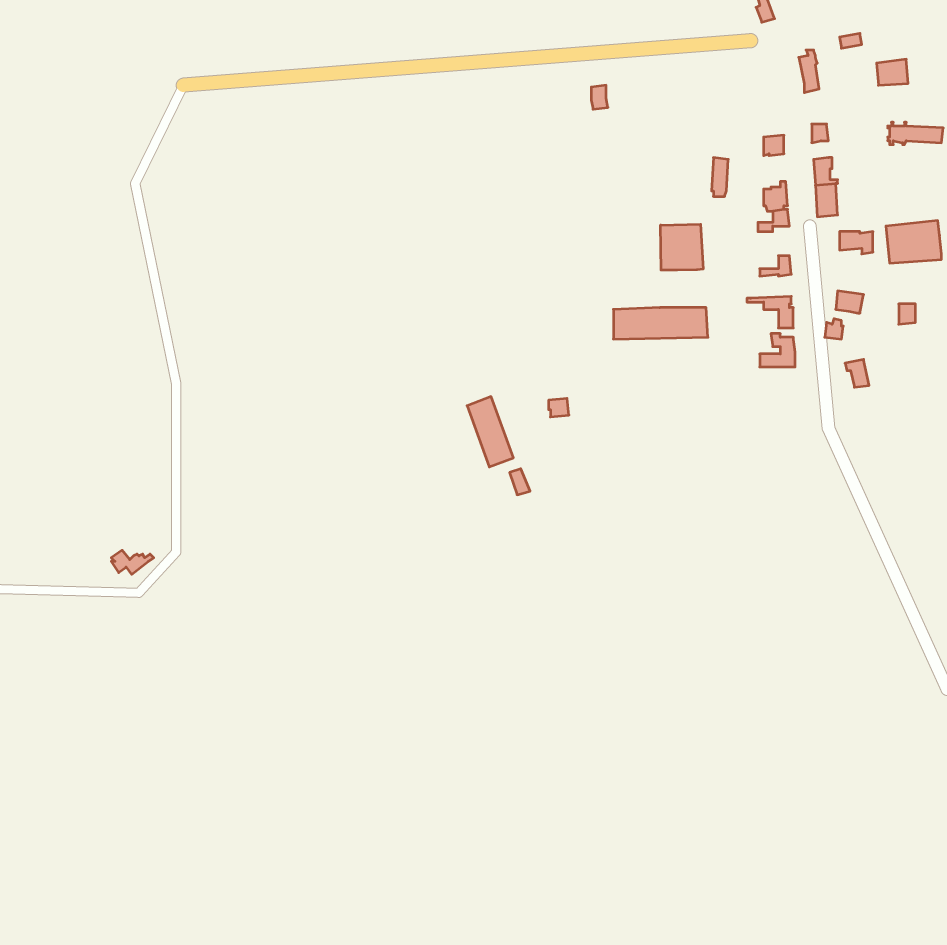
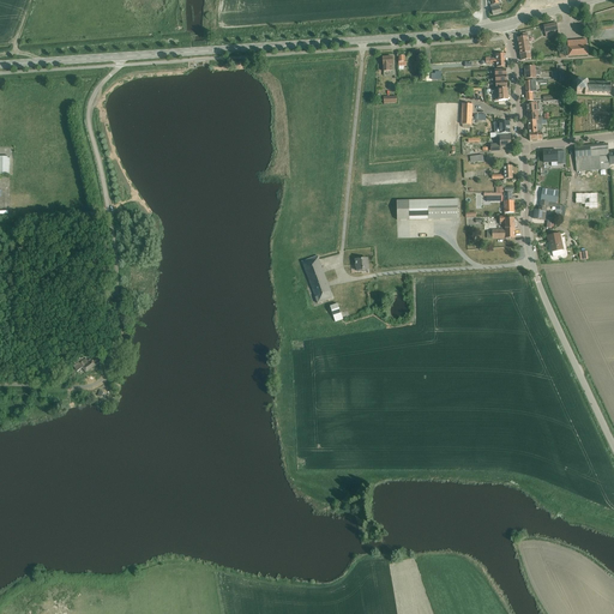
building: [661,224,703,270] -> none

